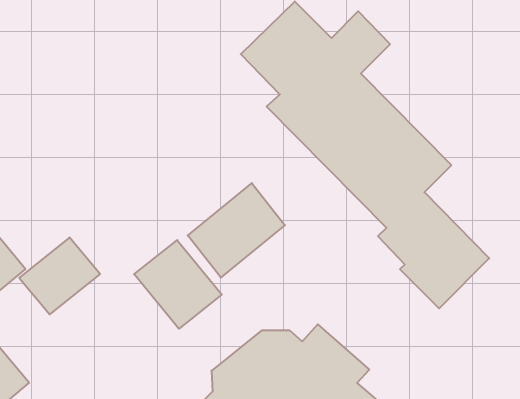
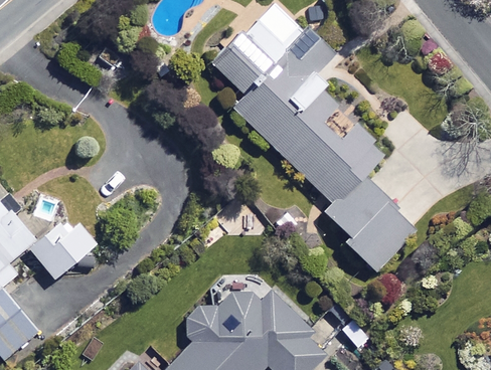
building: [188,183,285,278] -> none
building: [134,240,222,329] -> none

